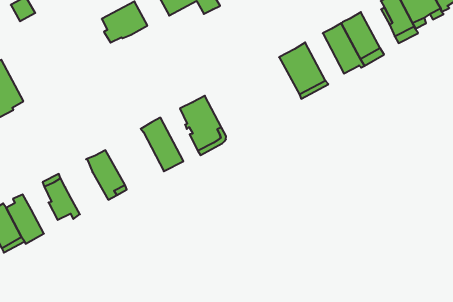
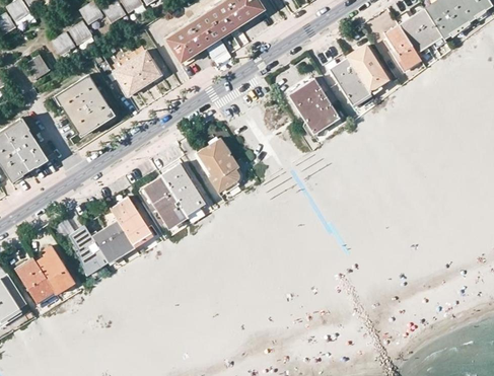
building: none -> [57,75,113,133]
building: none -> [145,177,187,226]
building: none -> [92,220,135,261]

